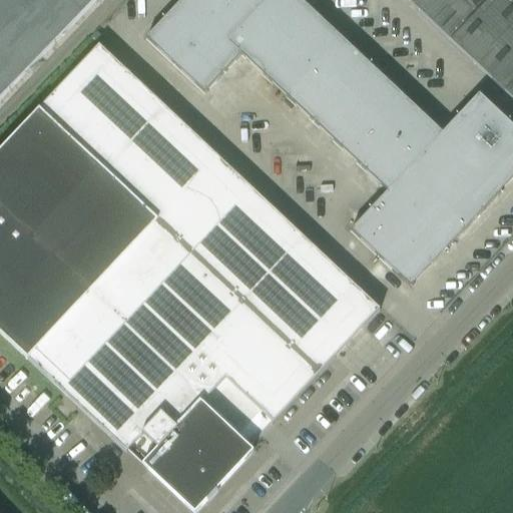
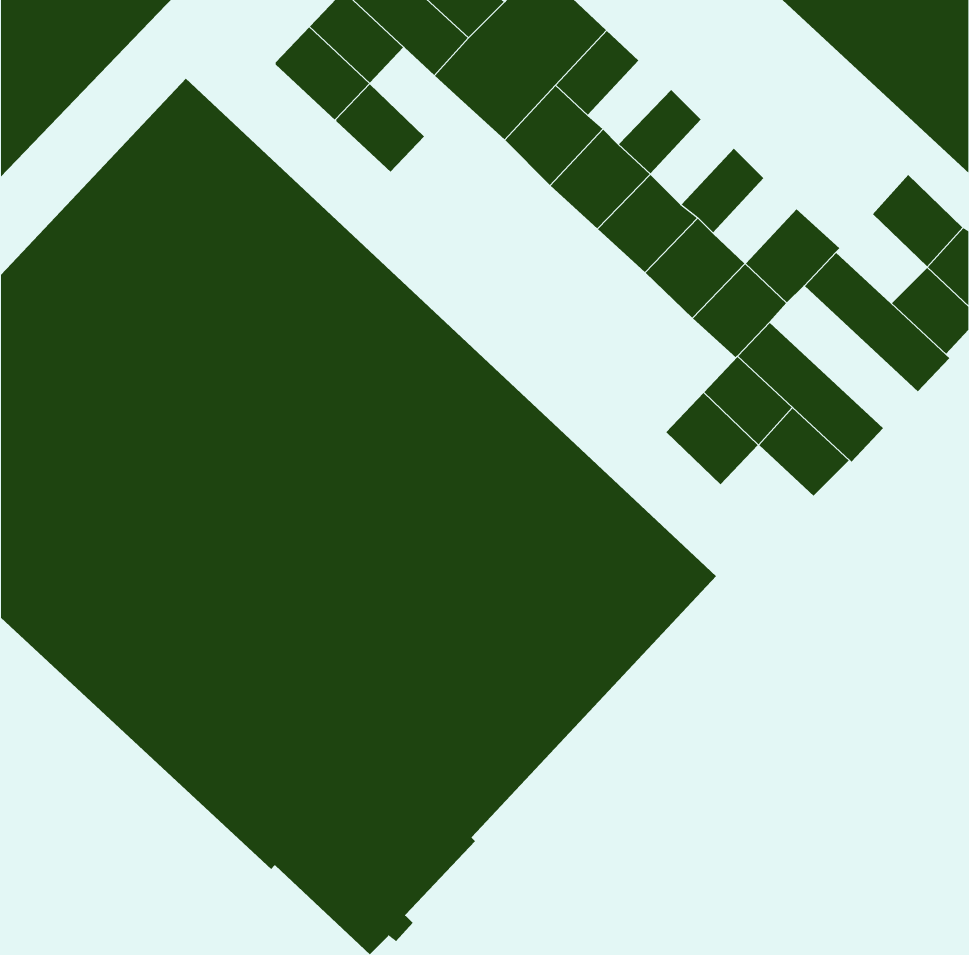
building: [195,25,242,72] -> none
building: [311,32,355,76] -> none
building: [344,63,388,108] -> none
building: [377,94,421,139] -> none
building: [442,113,490,160] -> none
building: [407,151,485,226] -> none
building: [381,235,430,284] -> none

